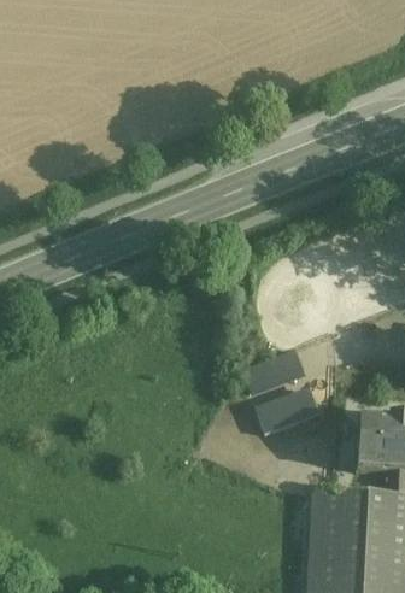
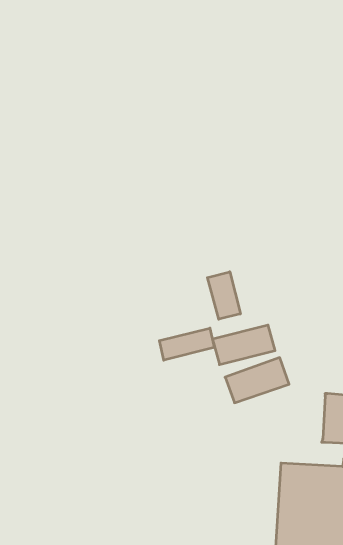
building: none -> [207,272,240,319]
building: none -> [159,328,214,360]

